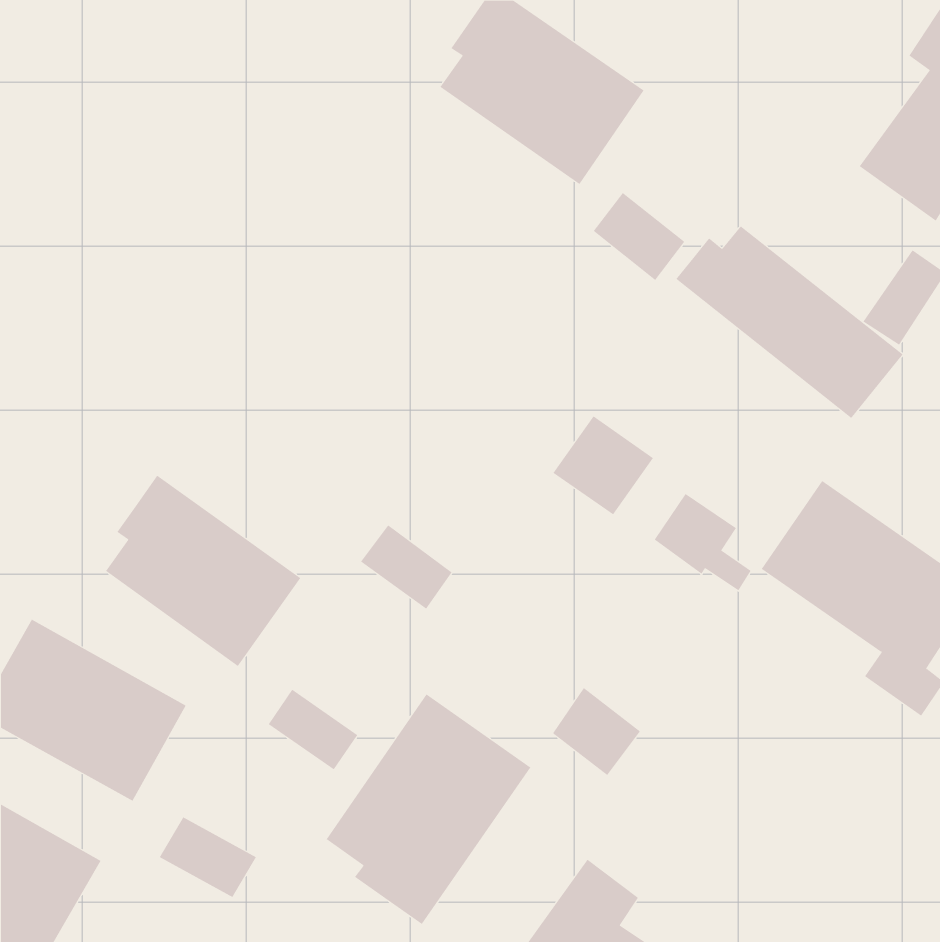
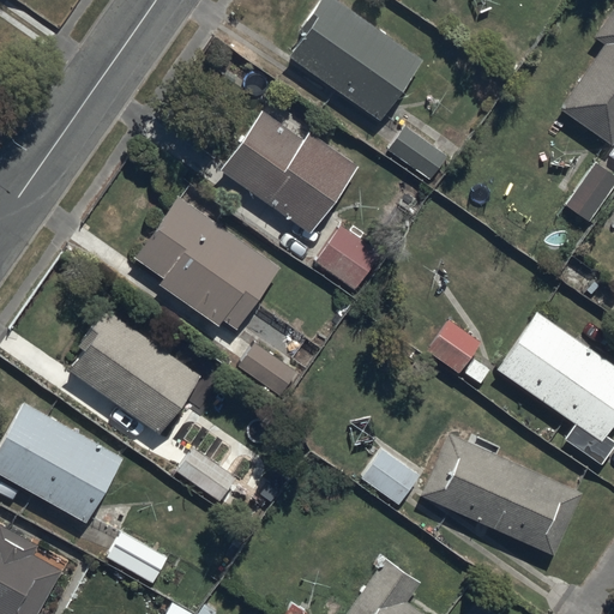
building: none -> [219,112,356,234]
building: [675,225,904,419] -> none
building: none -> [133,198,279,332]
building: [552,416,654,515] -> [314,225,380,290]
building: none -> [421,432,580,556]
building: [326,693,531,925] -> none

